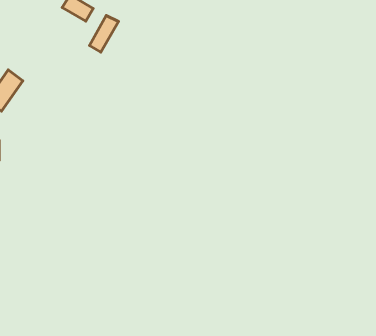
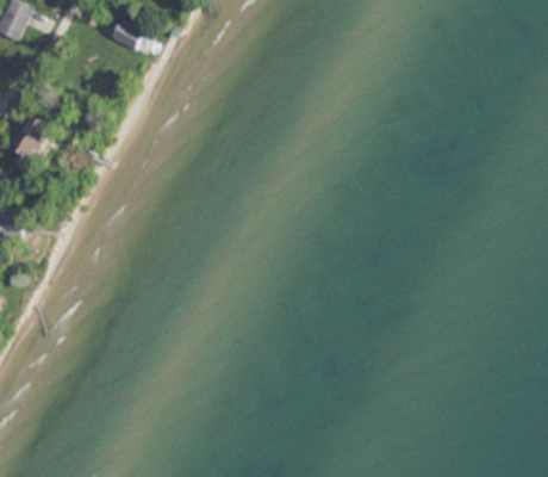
building: [89,15,119,52] -> none

